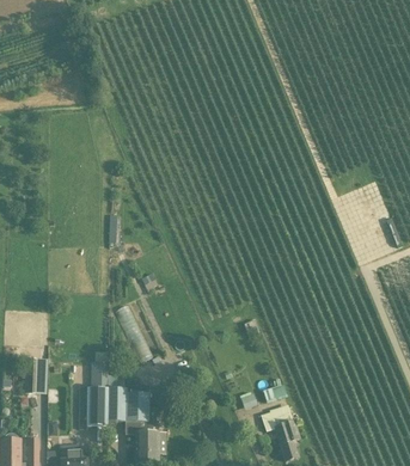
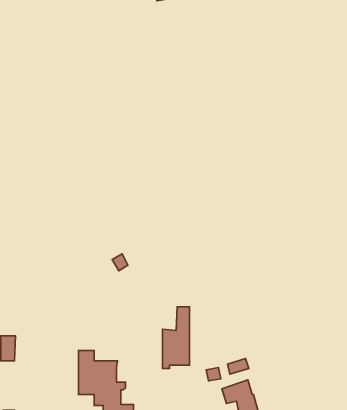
building: [79,362,108,428] -> [163,307,190,369]

